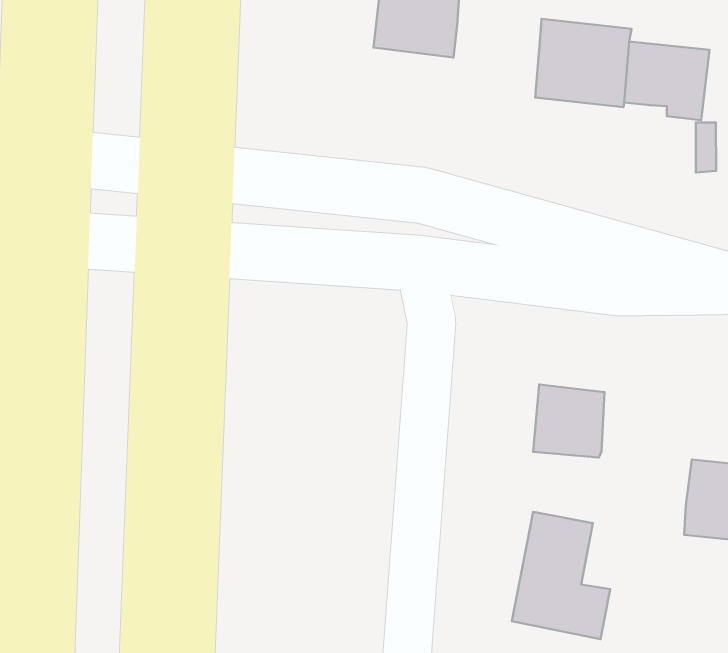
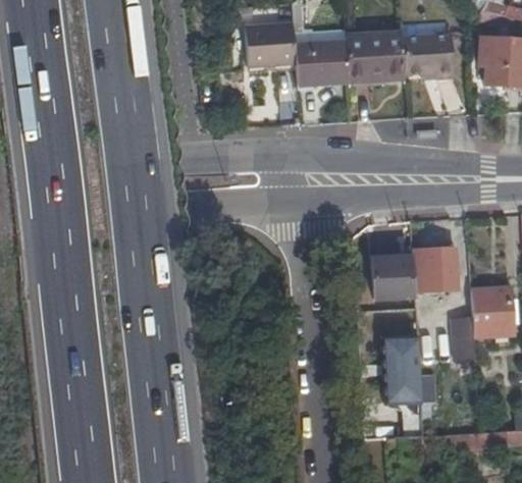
building: none -> [292,43,347,86]
building: none -> [419,246,470,292]
building: none -> [460,317,483,357]

